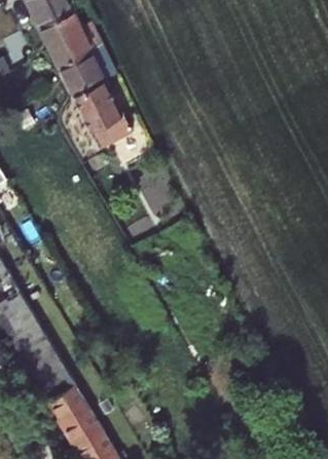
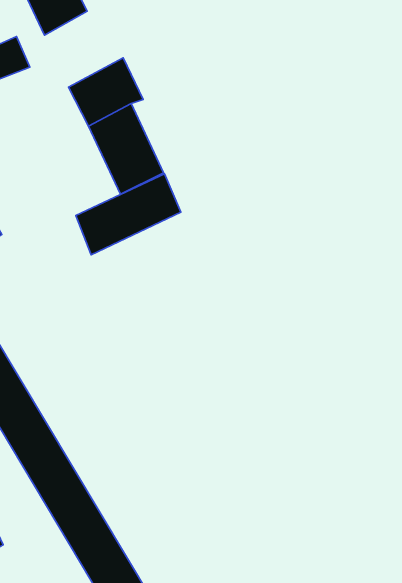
building: [39,9,102,68] -> none
building: none -> [76,174,181,255]

